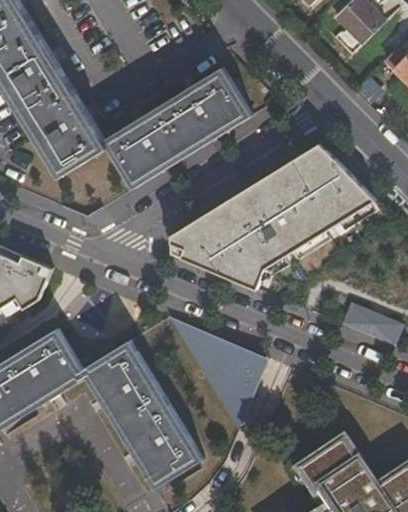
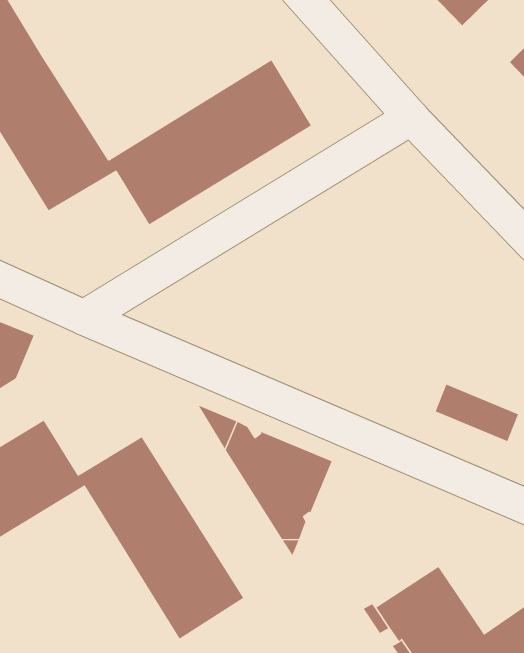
building: [170,143,375,287] -> none

